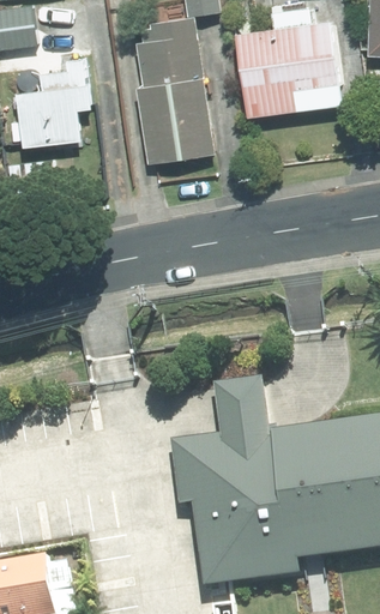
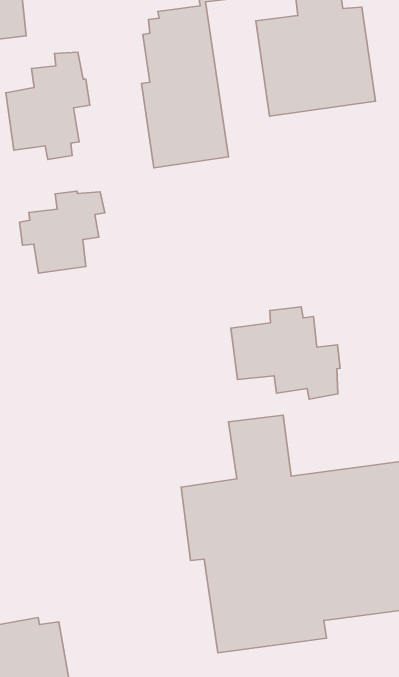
building: none -> [20,191,105,273]
building: none -> [231,307,340,399]

